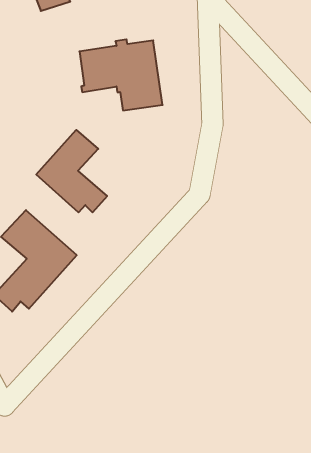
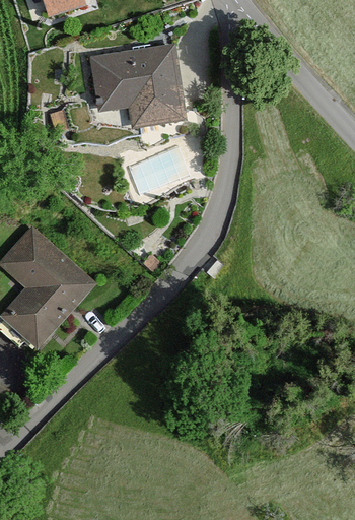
building: [36,130,107,212] -> none

